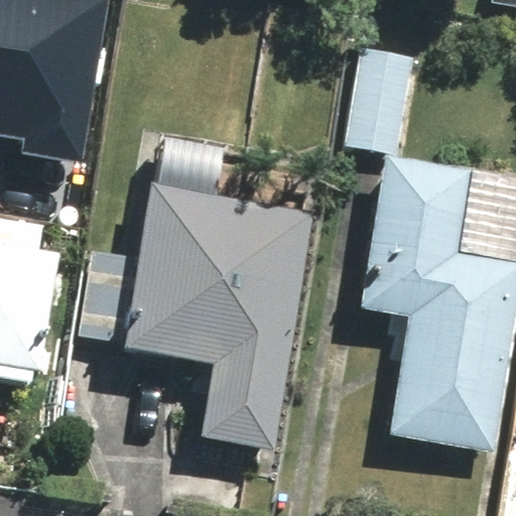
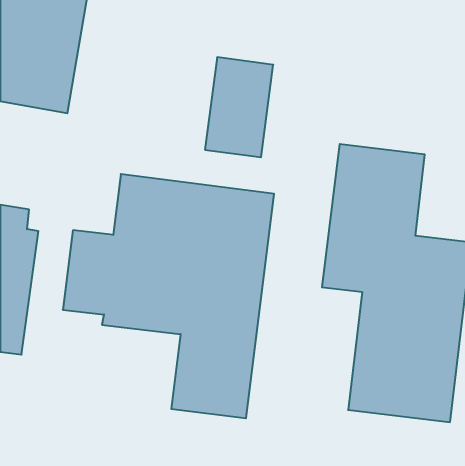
building: [348,45,421,153] -> [205,57,273,157]

